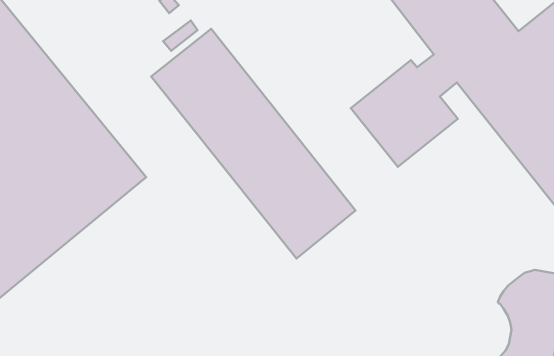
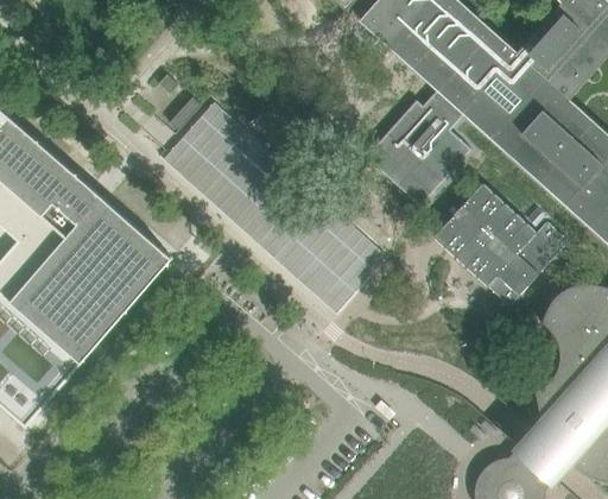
building: none -> [432,182,568,305]

